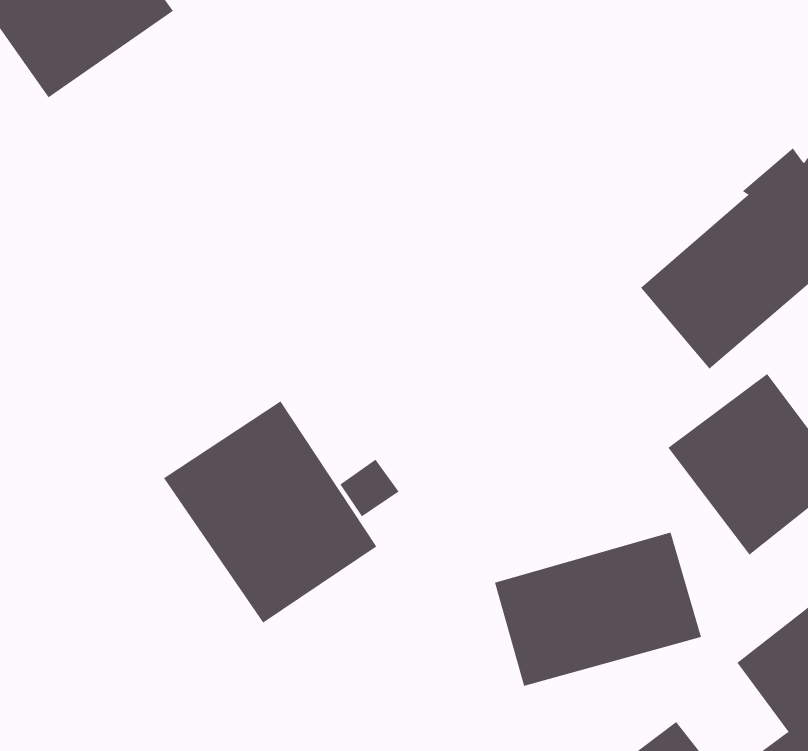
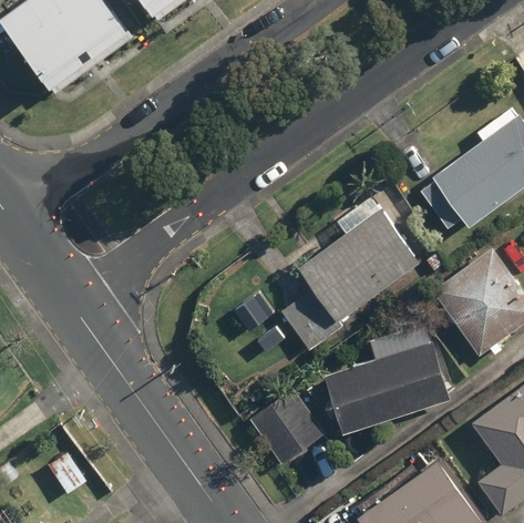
building: none -> [279,207,420,356]
building: [163,401,377,623] -> none
building: none -> [246,390,325,468]

